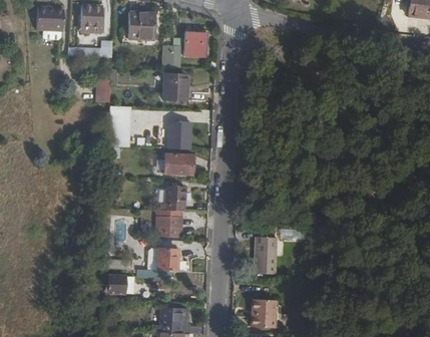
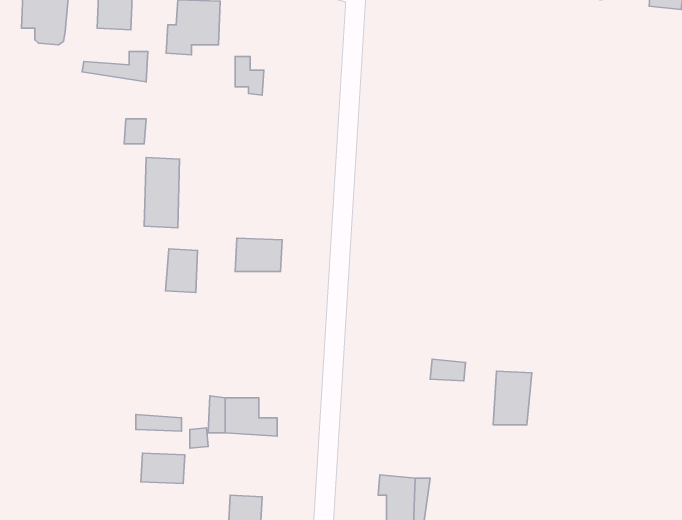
building: [182,30,206,53] -> none
building: [163,74,192,101] -> none
building: [167,120,189,148] -> none
building: [164,184,183,210] -> [165,249,197,292]
building: [158,215,183,235] -> none
building: [253,235,276,267] -> [493,371,532,425]

